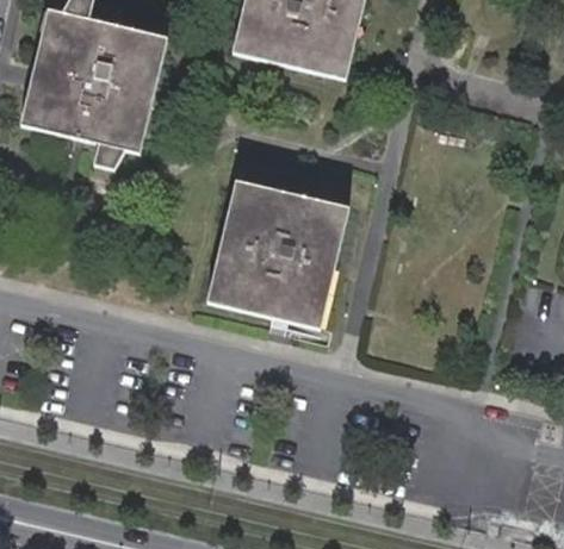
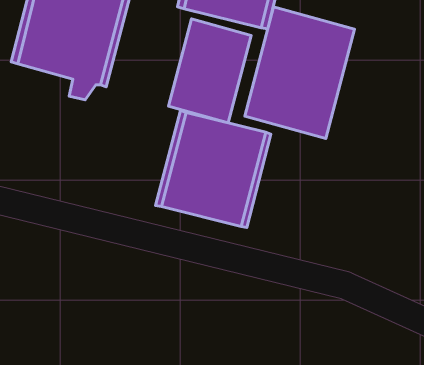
building: none -> [245,7,354,139]
building: none -> [168,19,251,123]

